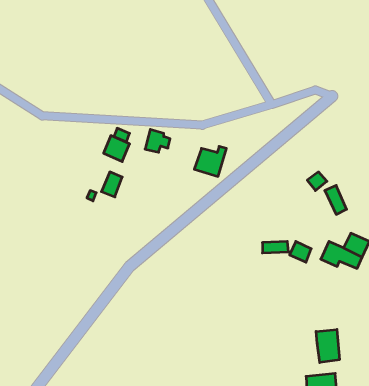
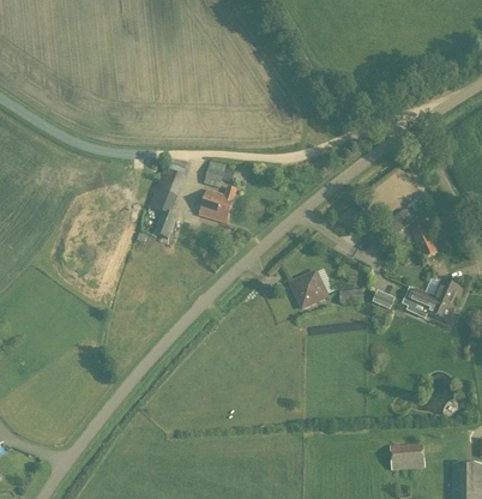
building: [194,146,226,176] -> [198,186,235,221]
building: none -> [290,270,326,306]
building: [316,329,339,363] -> none

